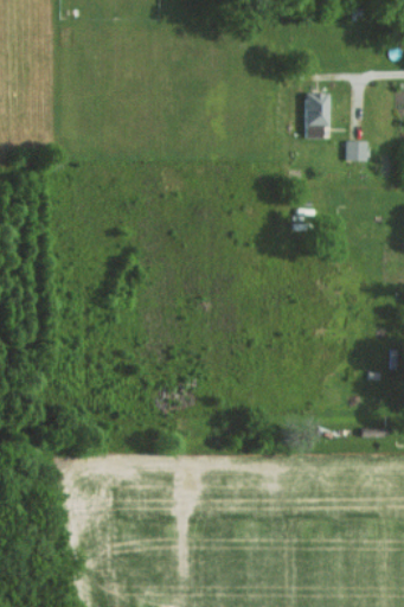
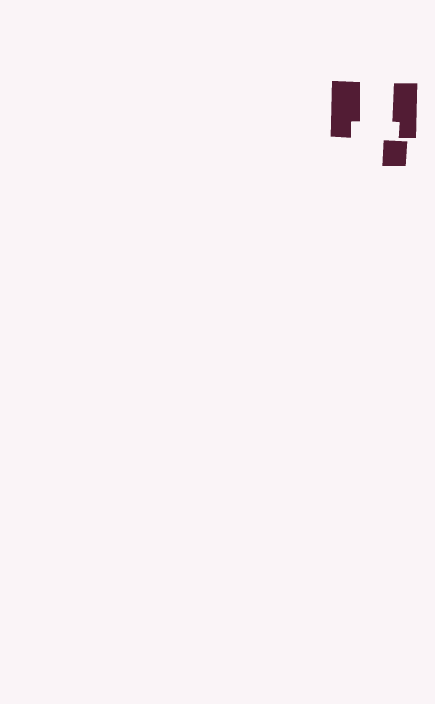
building: none -> [392,83,418,139]

